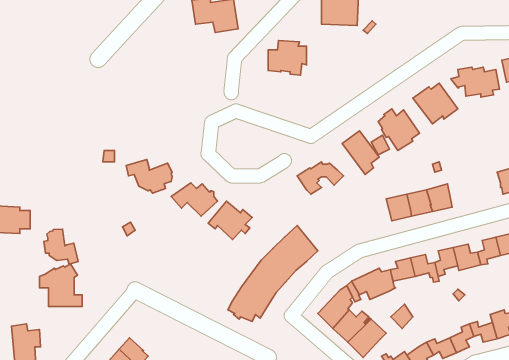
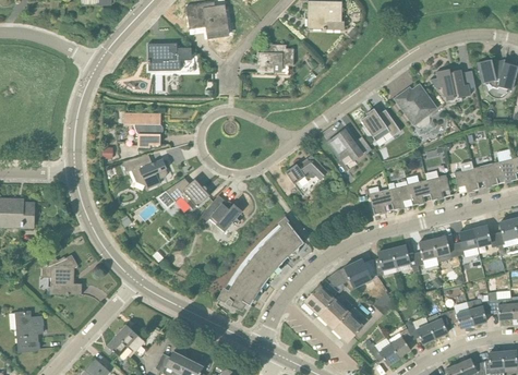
building: none -> [147,43,194,72]
building: none -> [124,113,160,146]
building: none -> [454,168,479,193]
building: none -> [426,174,450,201]
building: [44,229,78,264] -> none

